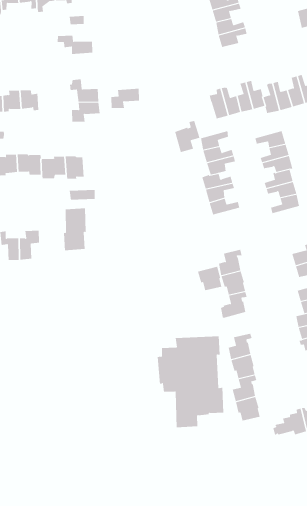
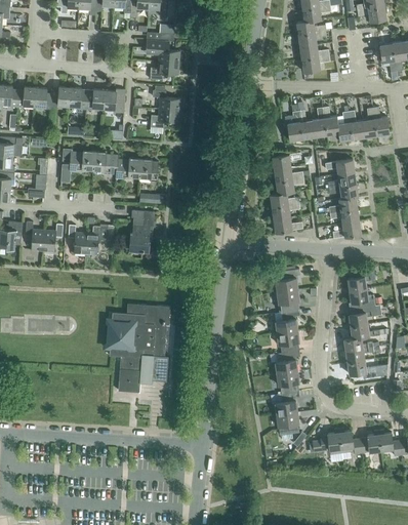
building: [111,88,140,109] -> [150,62,179,80]
building: [174,120,200,153] -> none
building: [197,266,222,291] -> [277,330,299,353]
building: [157,336,224,428] -> [107,304,170,392]

